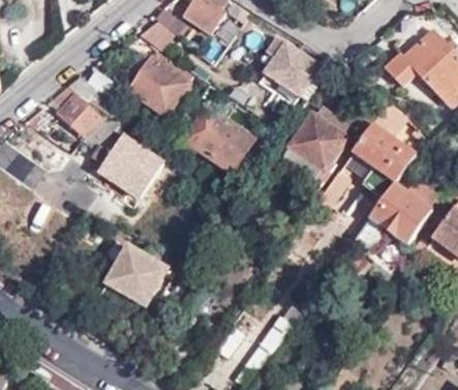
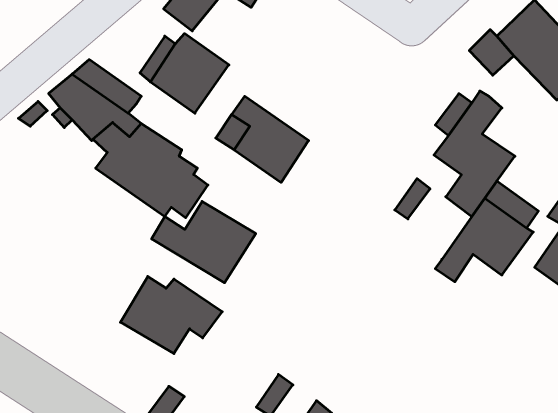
building: [266,34,320,99] -> none
building: [281,112,344,178] -> none
building: none -> [152,201,256,283]

